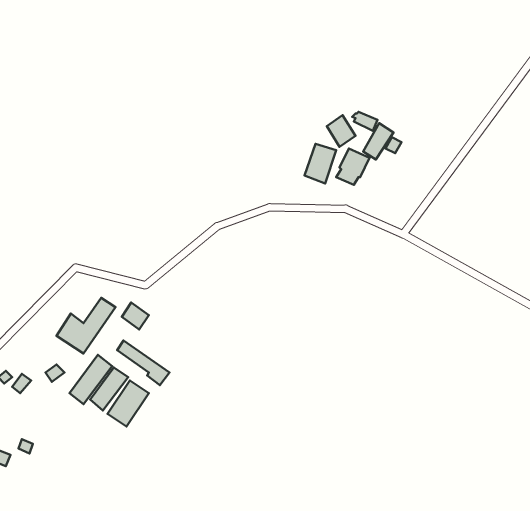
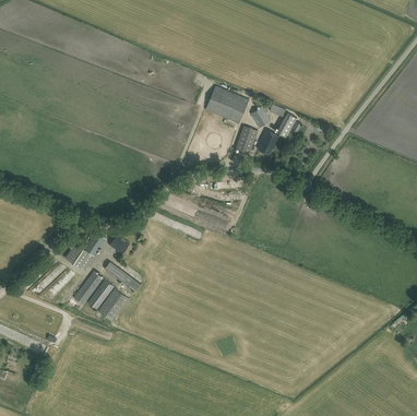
building: none -> [204,85,247,122]

